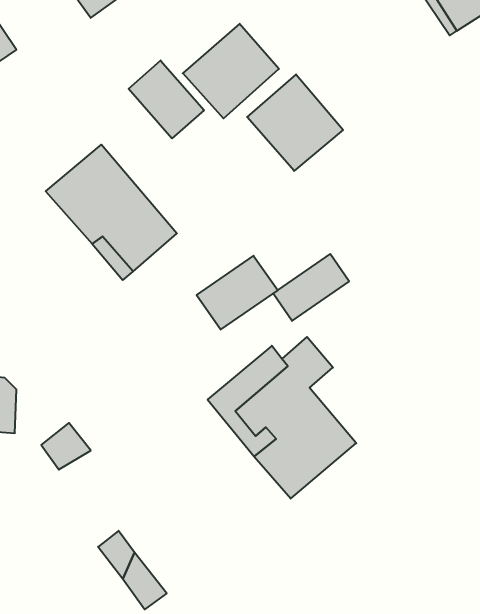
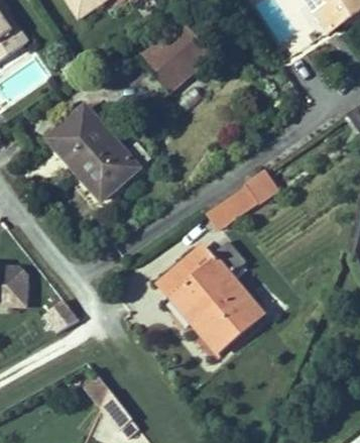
building: [129,60,204,138] -> none
building: [247,74,343,171] -> none
building: [197,256,278,330] -> none

